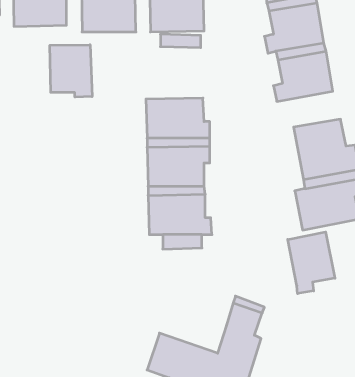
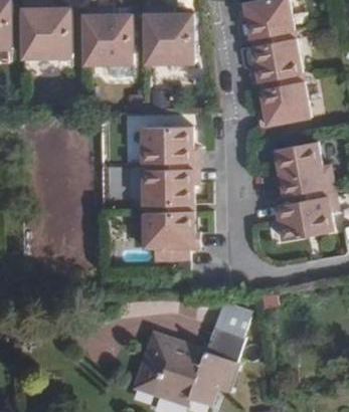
building: [50,45,92,97] -> none
building: [288,232,335,294] -> none

